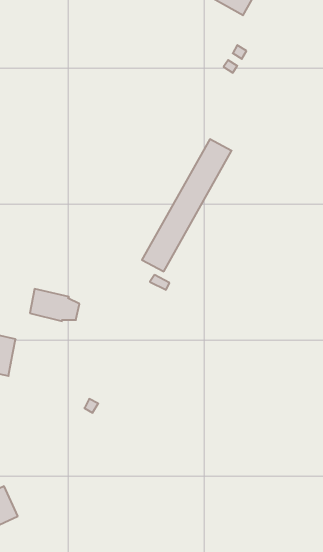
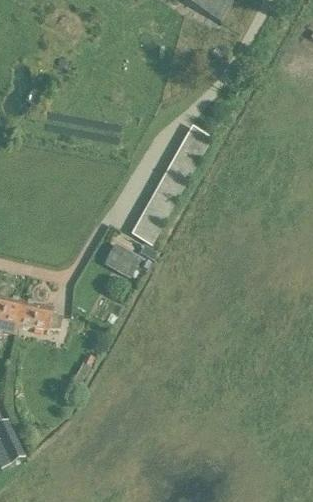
building: none -> [104,241,143,277]
building: [30,289,79,321] -> [19,300,62,328]

